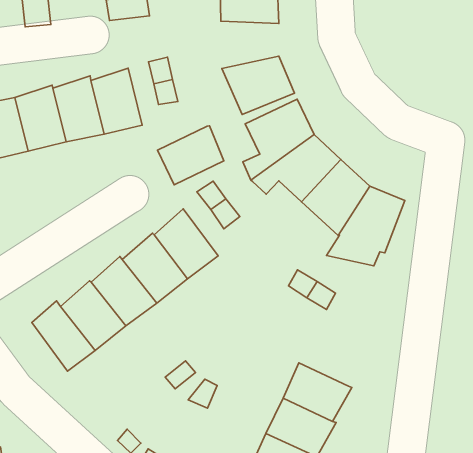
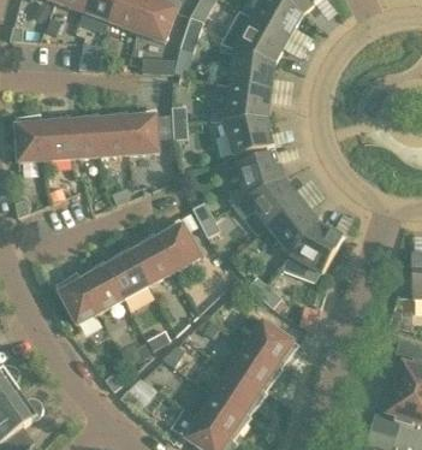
building: none -> [222,84,269,119]
building: [157,126,224,185] -> none
building: none -> [245,320,297,367]

